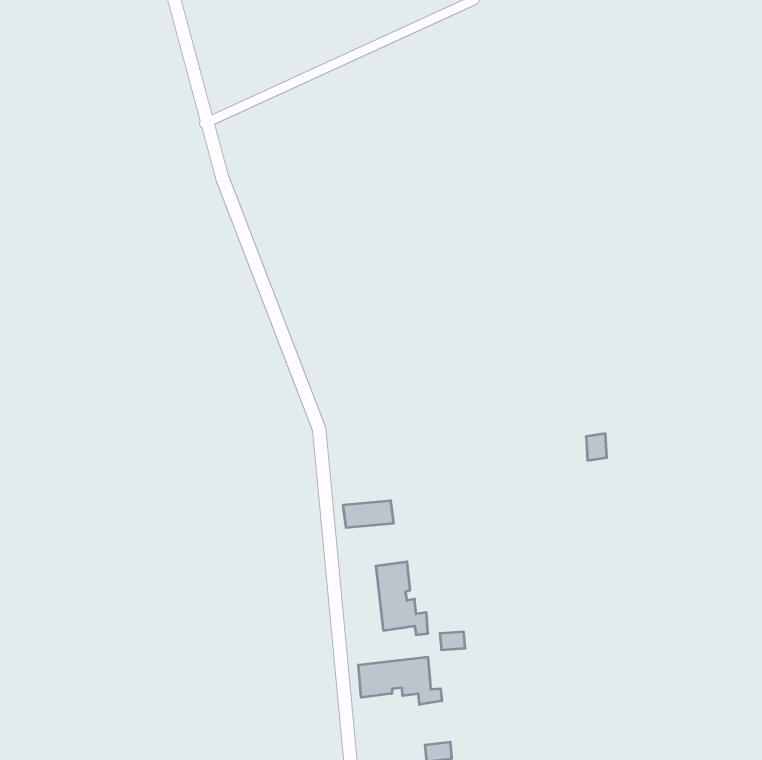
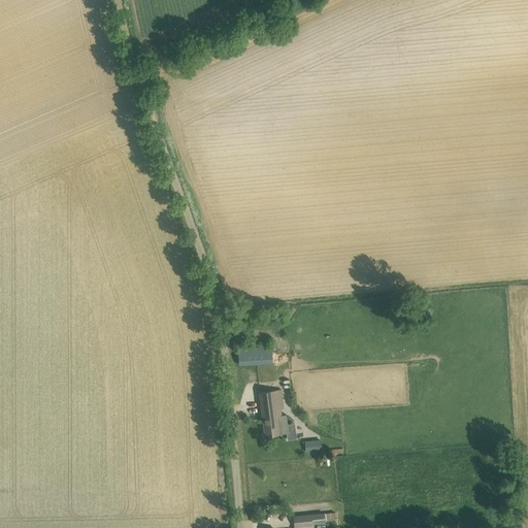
building: [358,657,442,705] -> none

